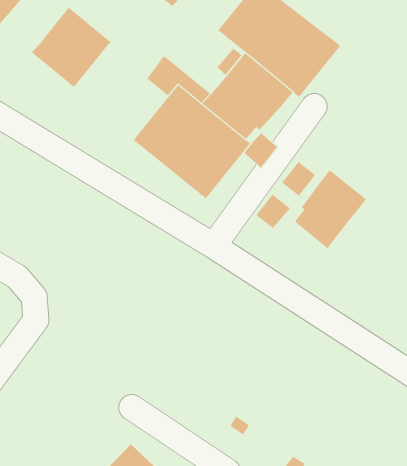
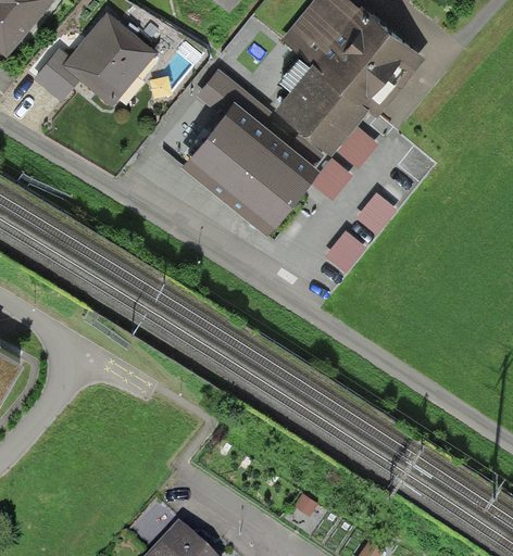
building: none -> [34,48,80,102]
building: none -> [336,126,378,168]
building: [294,169,367,249] -> none

